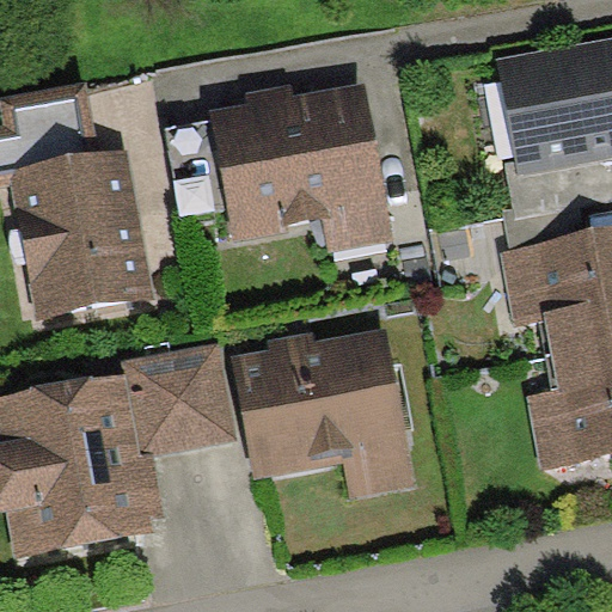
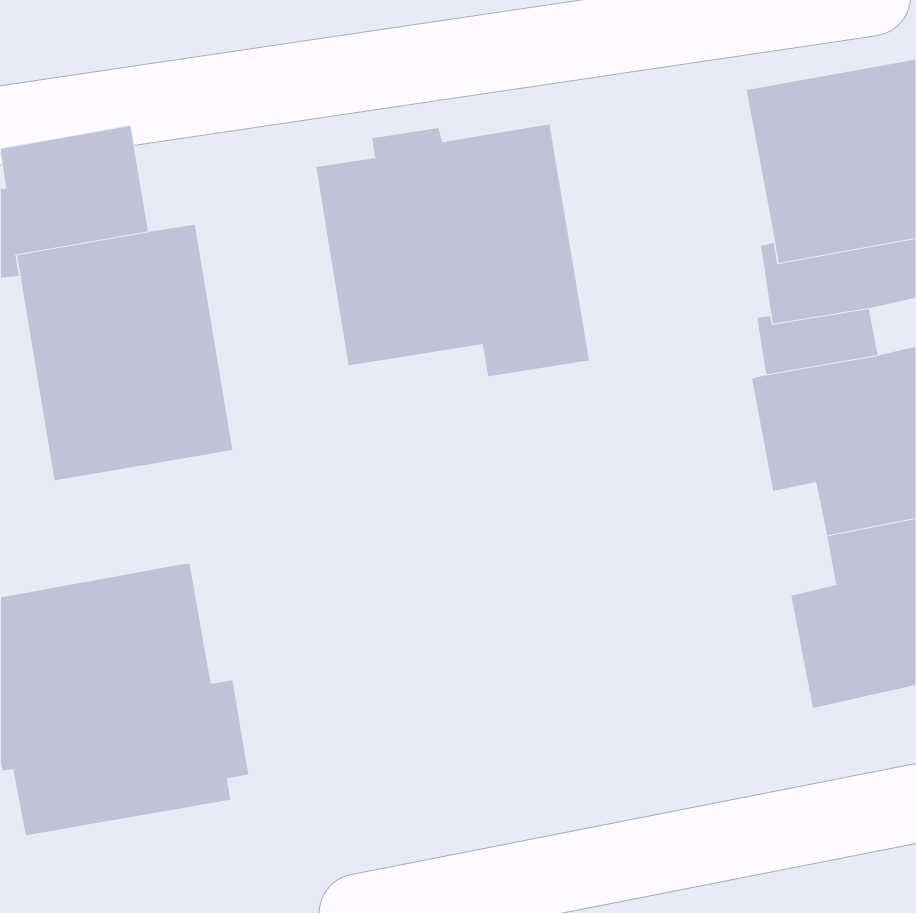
building: [232,329,416,498] -> none
building: [122,343,237,455] -> none

